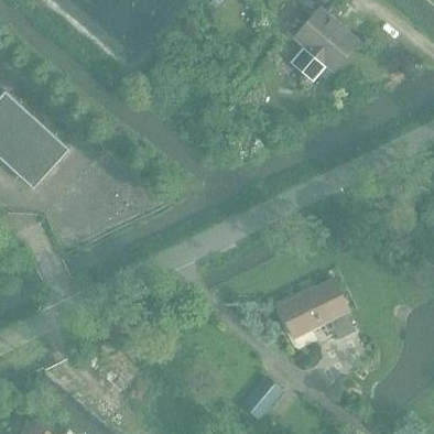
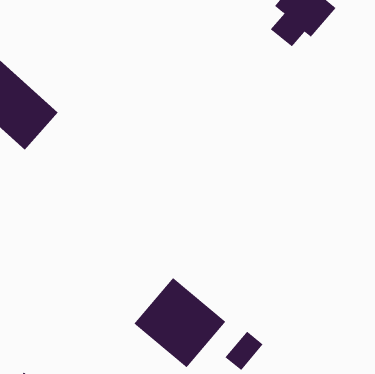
building: [279,279,356,339] -> none
building: none -> [134,277,226,368]

